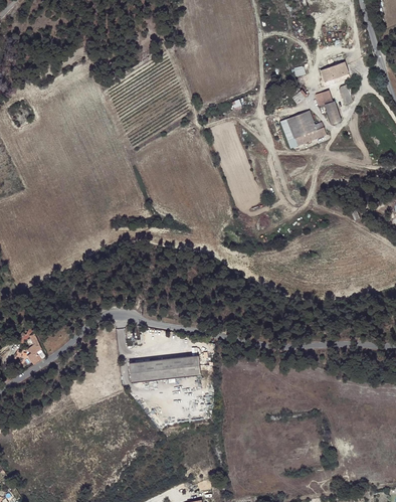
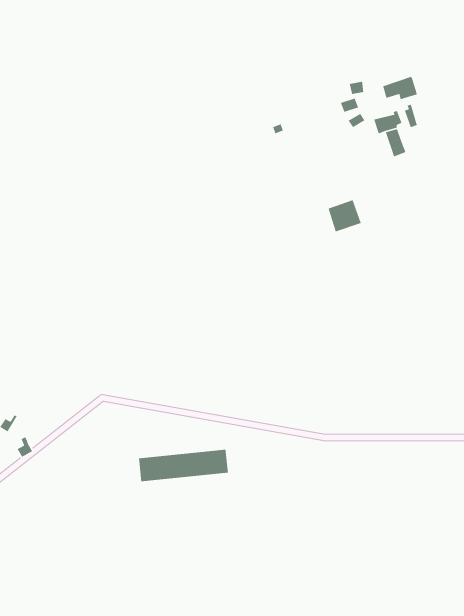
building: [288,112,316,138] -> [327,199,362,232]

